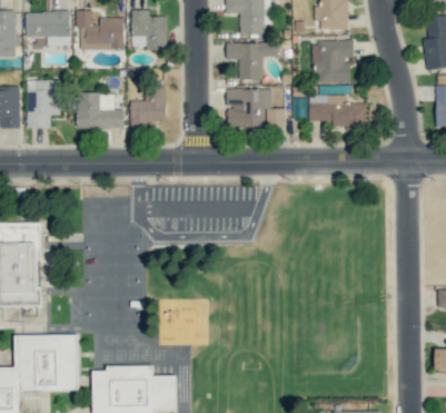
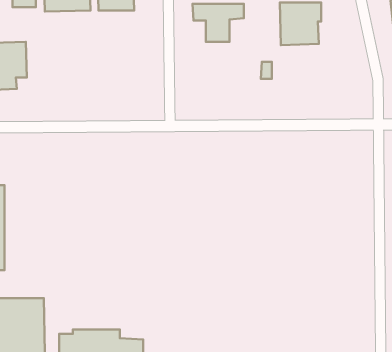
building: [130,88,167,128] -> none
building: [227,89,286,128] -> none
building: [77,92,125,129] -> none
building: [309,95,366,128] -> none

